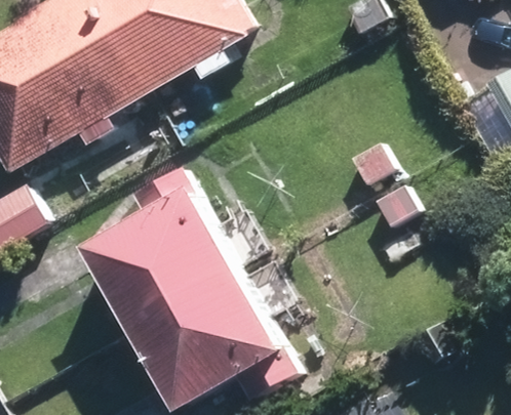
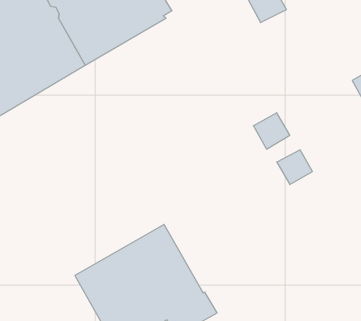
building: [85,176,237,338] -> none

